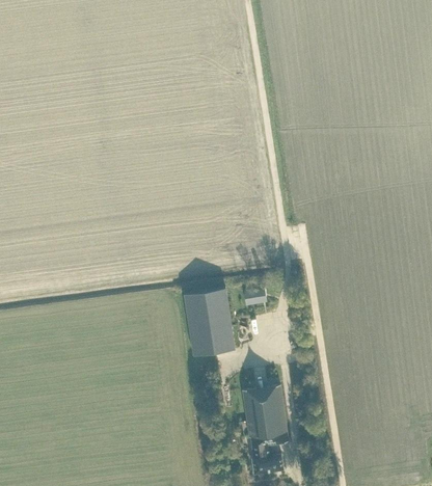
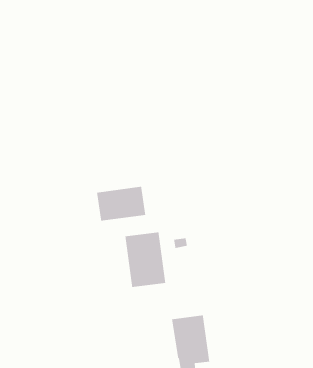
building: none -> [96,186,146,221]

